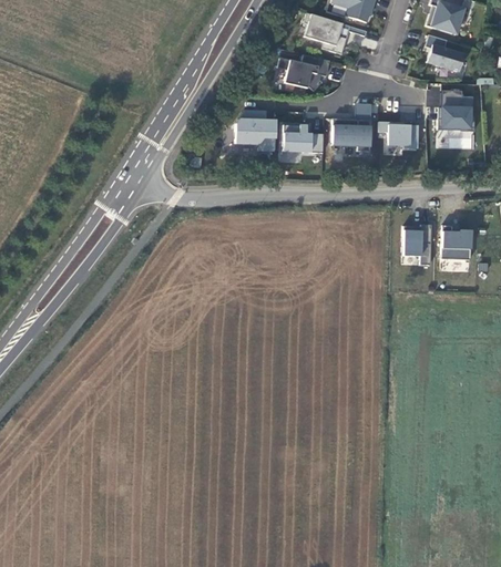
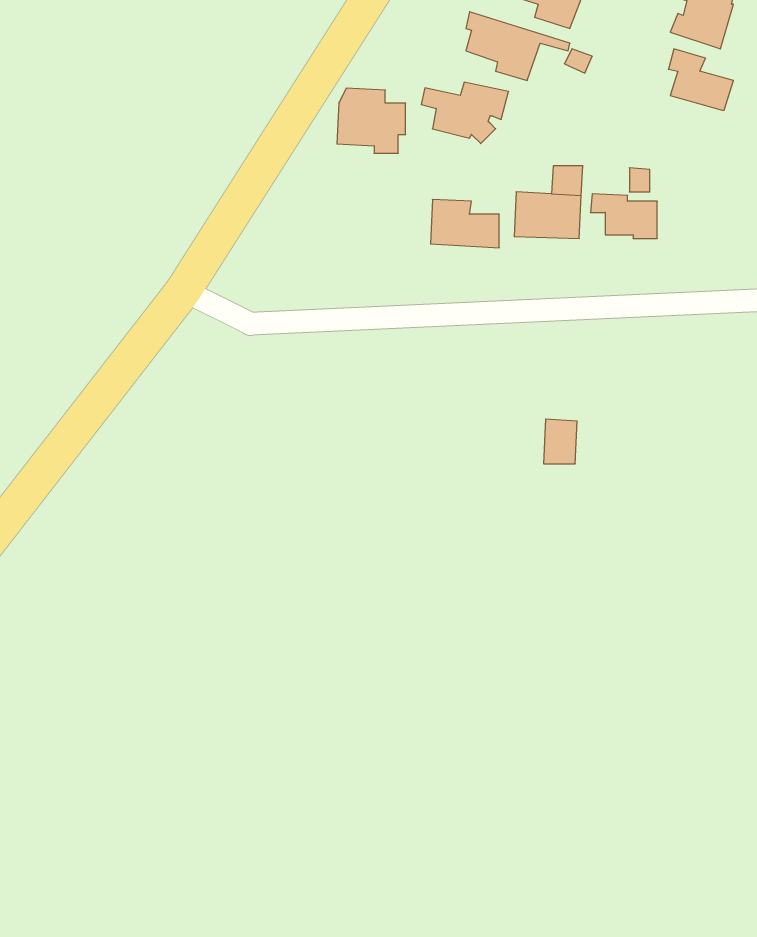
building: [441,99,472,128] -> none
building: [238,113,279,152] -> [337,88,406,153]
building: [403,230,423,257] -> [544,419,577,464]
building: [442,231,472,258] -> none

